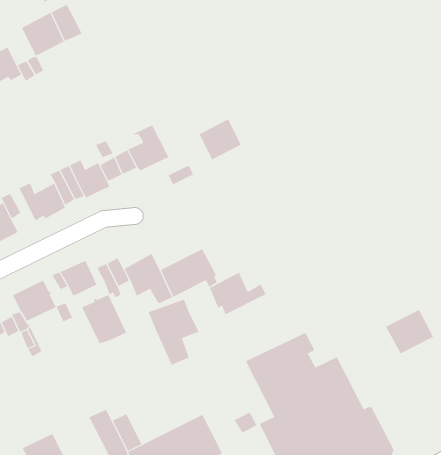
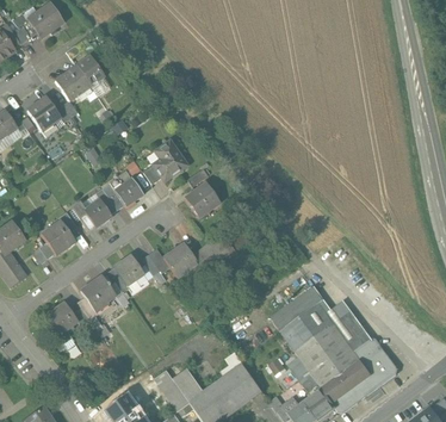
building: [199,119,241,160] -> [185,182,219,217]
building: [209,272,266,315] -> none
building: [82,294,127,344] -> none
building: [148,299,199,366] -> none
building: [385,309,435,354] -> none

